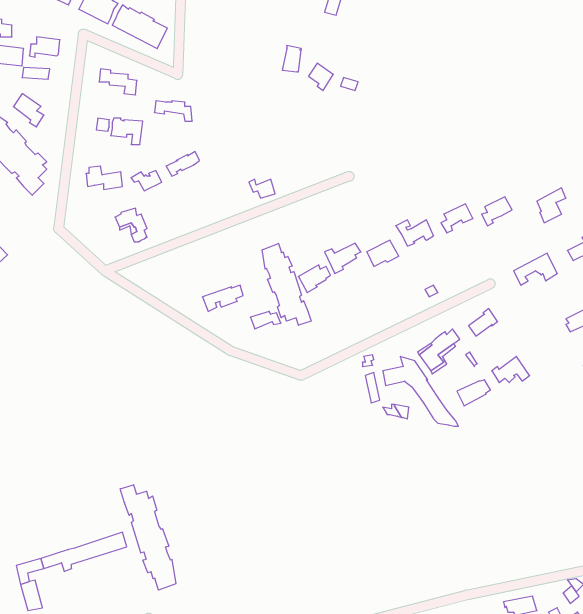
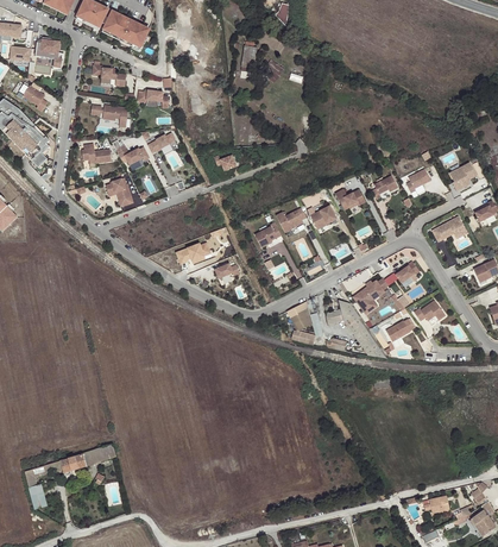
building: [262,243,311,325] -> none
building: [120,485,176,590] -> none

